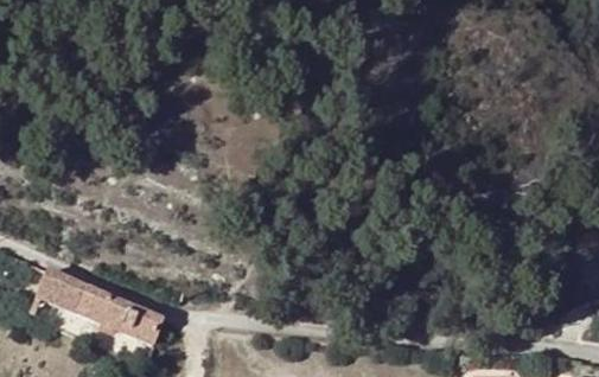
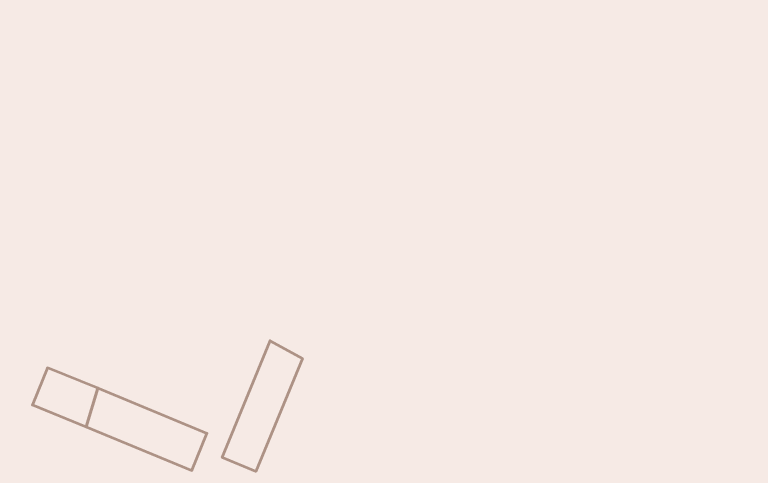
building: none -> [222,341,302,471]

